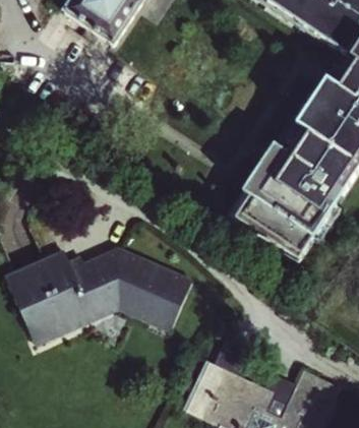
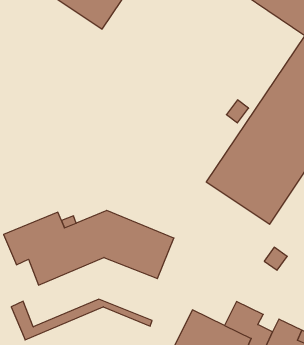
building: [20,299,176,344] -> [11,299,152,340]

